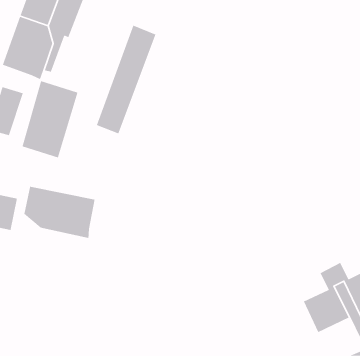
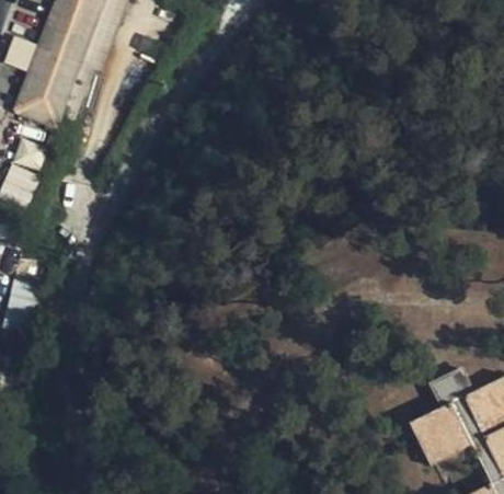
building: [96,25,156,134] -> none
building: [21,80,79,158] -> none
building: [24,186,95,239] -> none

